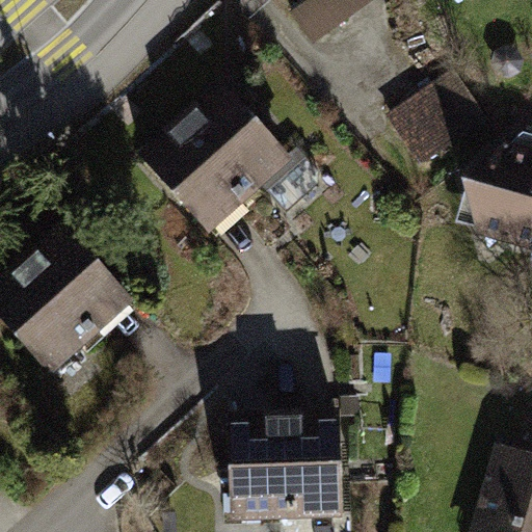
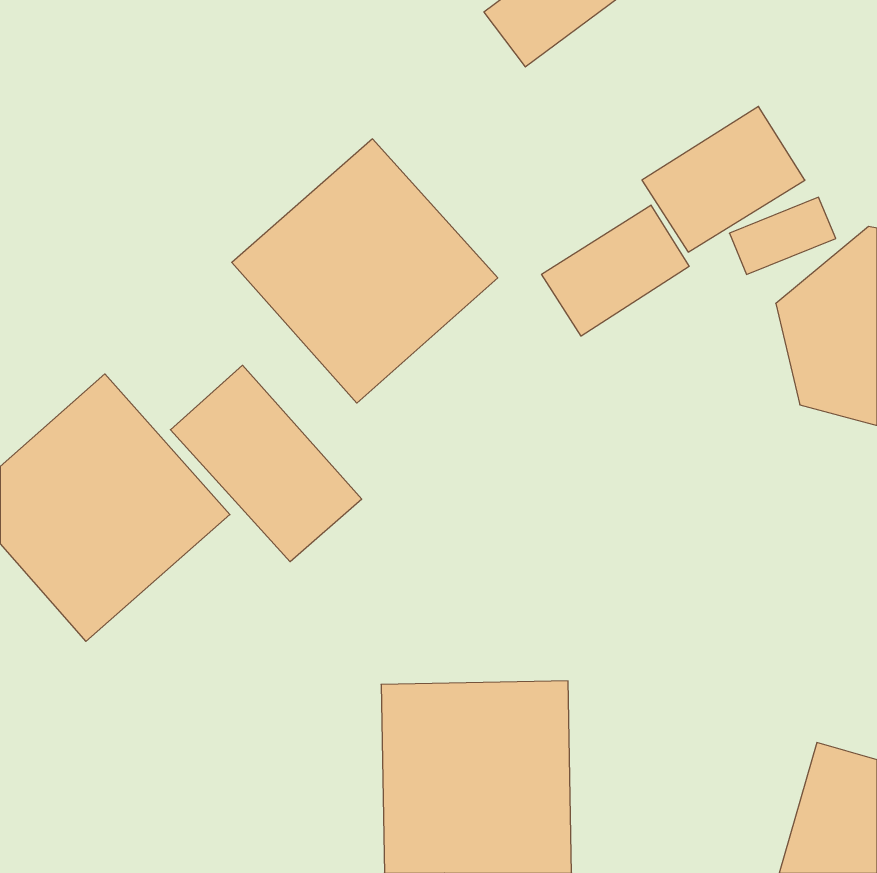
building: none -> [542,205,689,336]
building: none -> [170,365,362,562]

